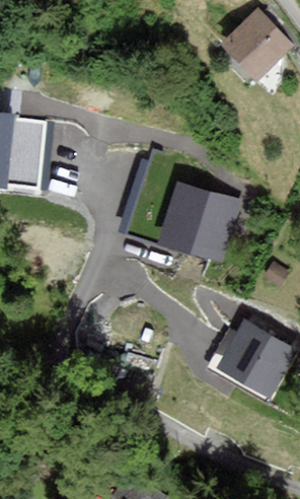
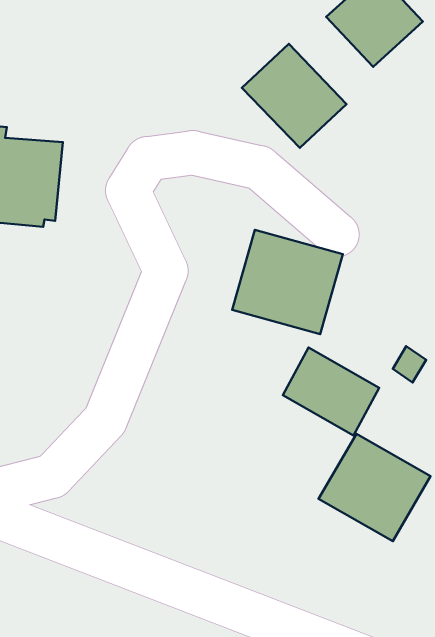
building: none -> [242,44,347,148]
building: none -> [283,347,379,435]

